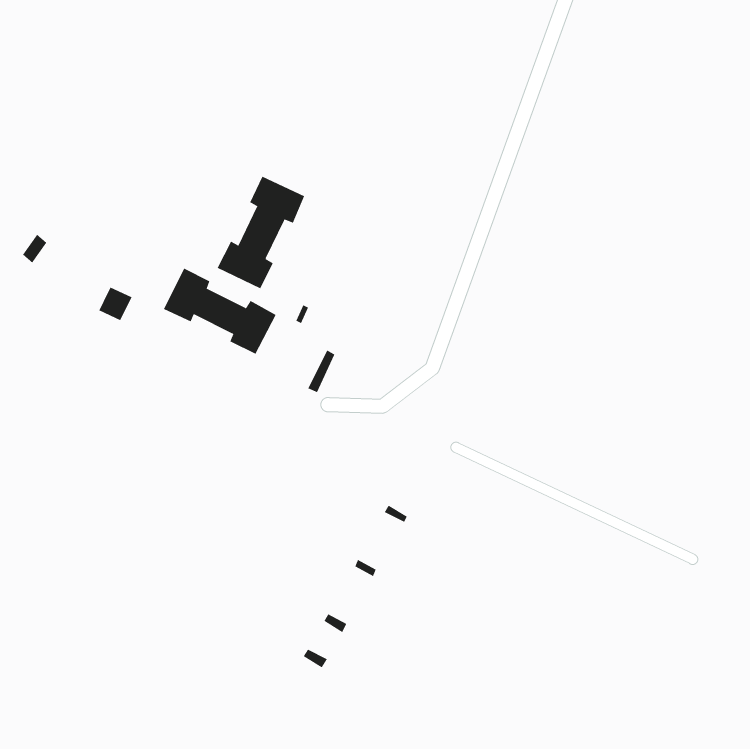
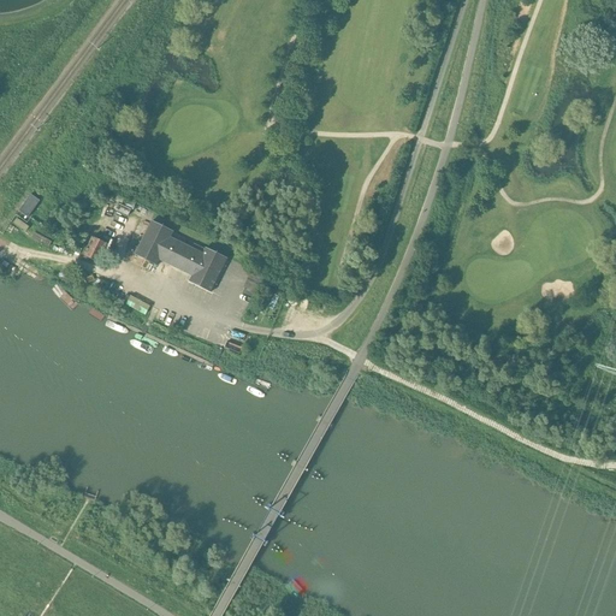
building: [217,176,305,289] -> none

